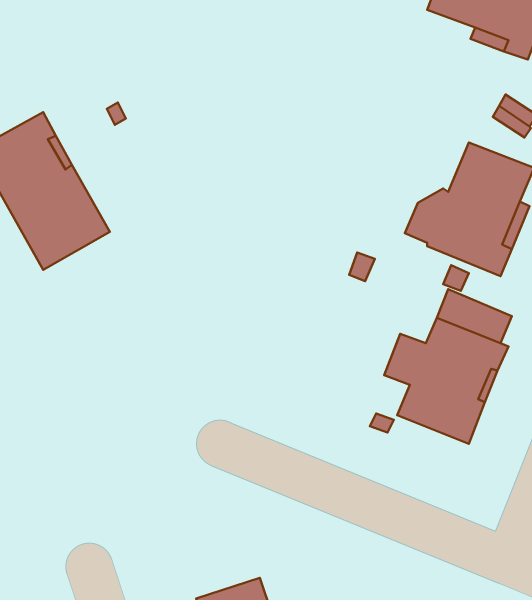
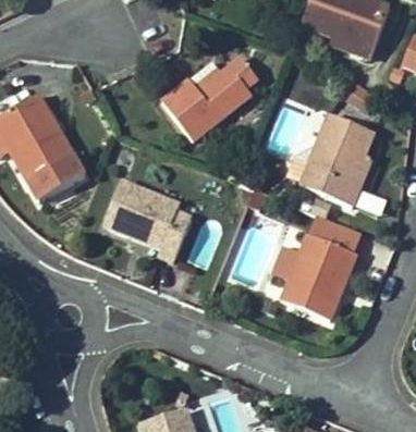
building: none -> [162,57,258,140]
building: none -> [105,181,192,261]

